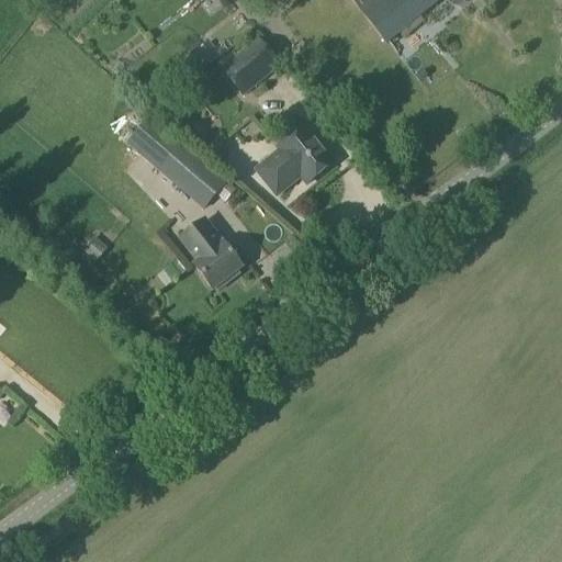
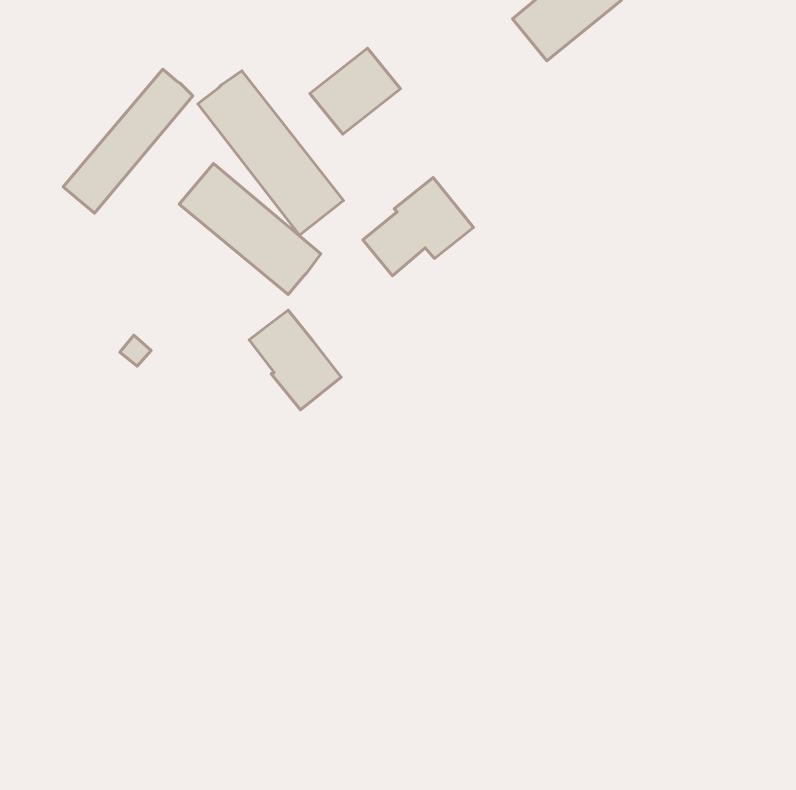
building: none -> [63,69,193,213]
building: none -> [198,71,343,235]

